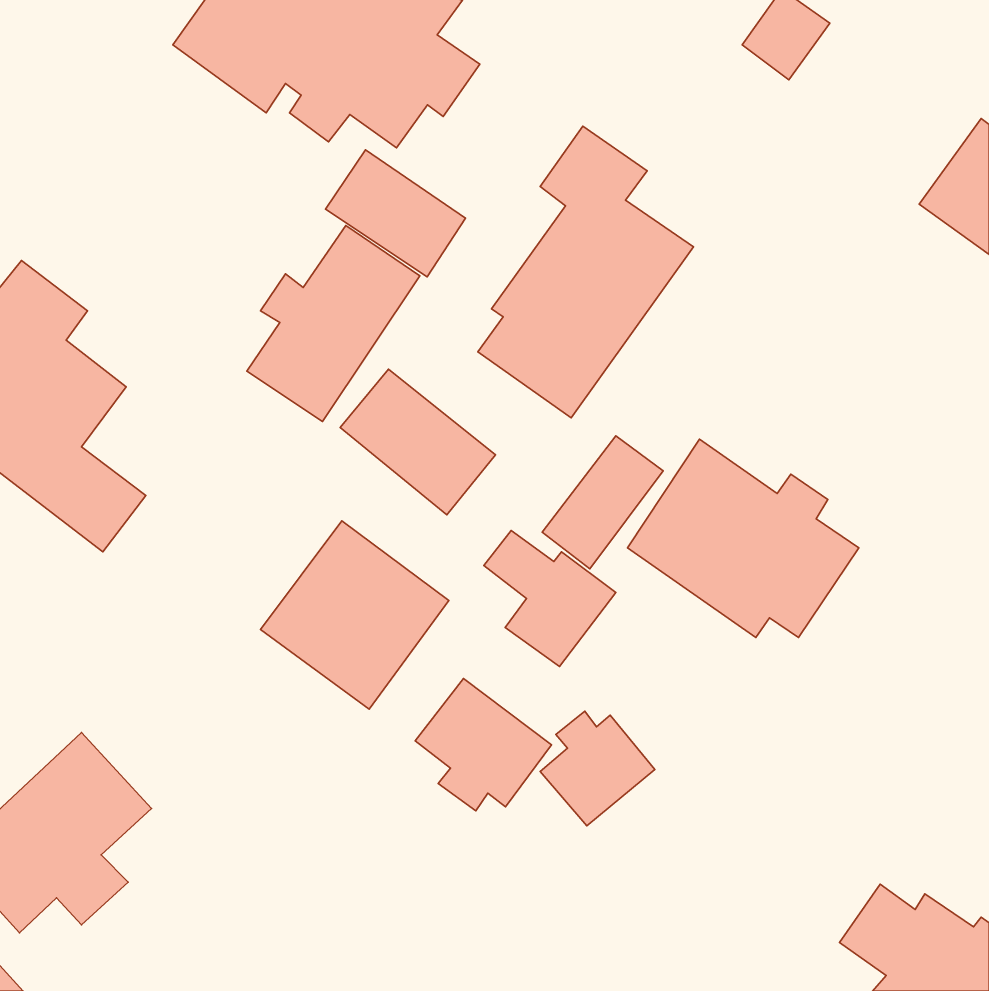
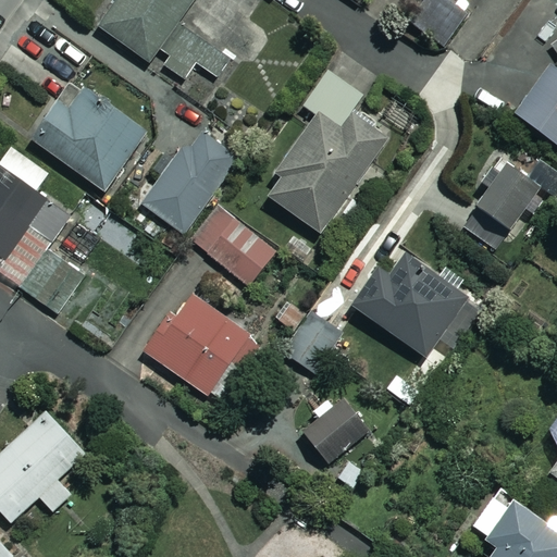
building: none -> [32,78,146,190]
building: [325,150,466,277] -> none
building: none -> [459,157,541,251]
building: [542,436,663,569] -> none
building: [415,679,552,811] -> none

